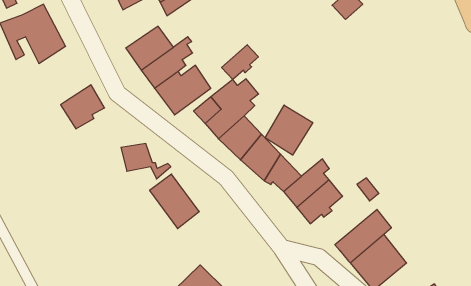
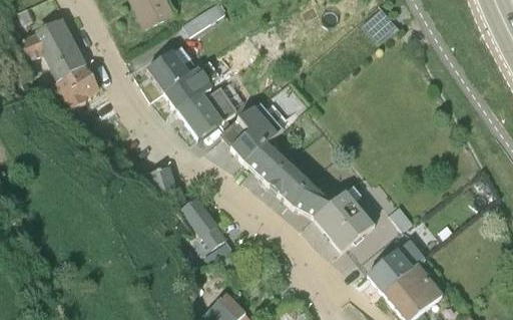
building: [222,45,258,80] -> none
building: [61,85,105,129] -> [52,66,98,112]
building: [265,105,313,155] -> none

